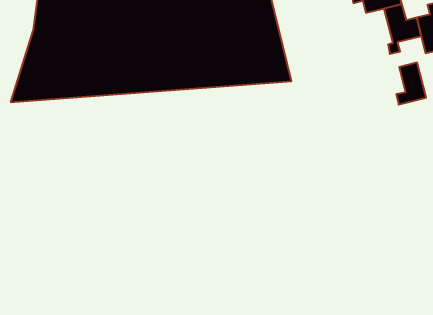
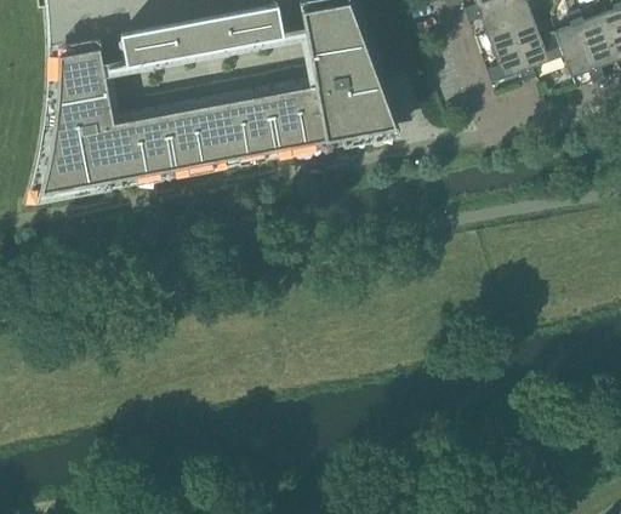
building: [396,63,426,105] -> [486,22,526,80]

